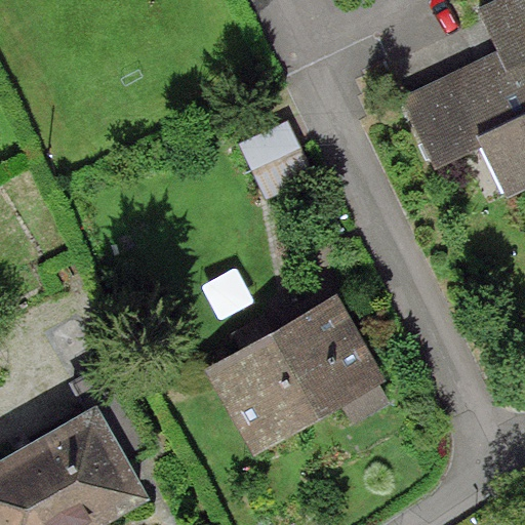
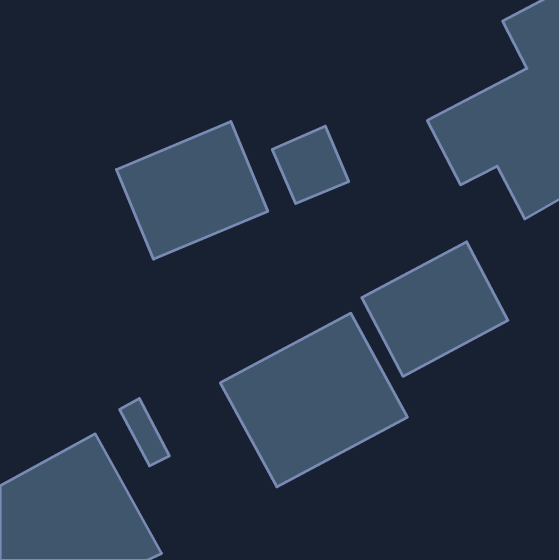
building: none -> [116,121,268,259]
building: none -> [362,242,508,376]

